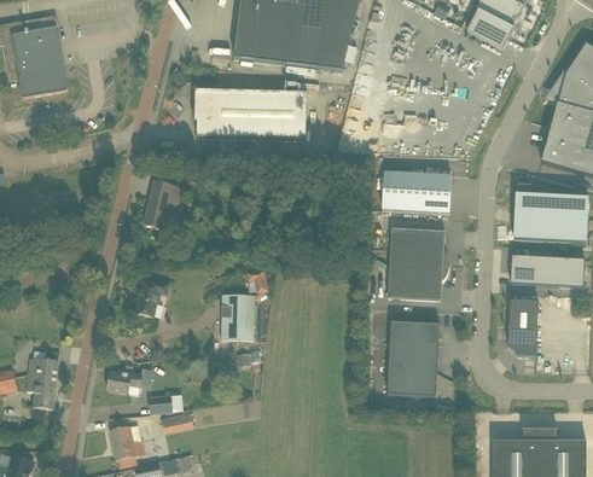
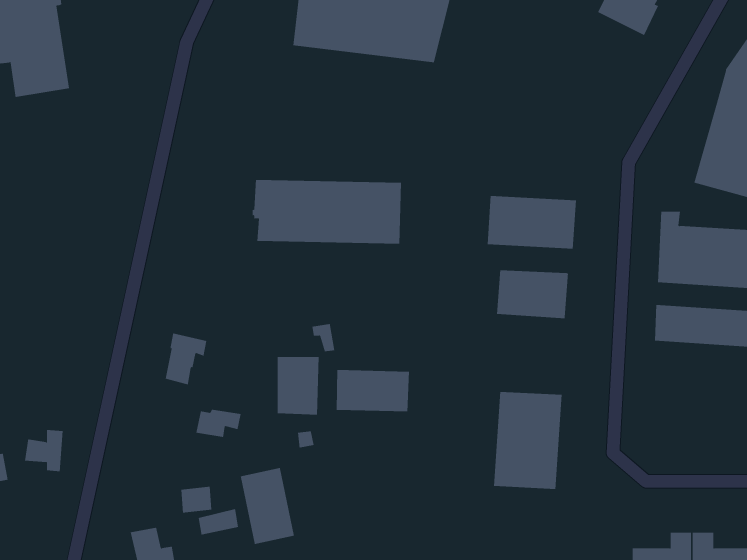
building: [192,89,307,139] -> [252,179,402,244]
building: [143,180,182,231] -> none
building: [386,262,448,301] -> none
building: [507,299,539,356] -> none
building: none -> [336,369,410,412]
building: [106,371,141,392] -> [196,409,241,438]
building: [27,374,56,408] -> none
building: none -> [240,467,295,545]

